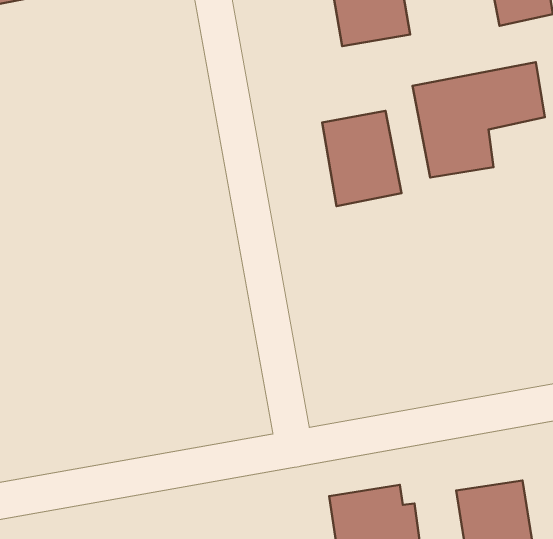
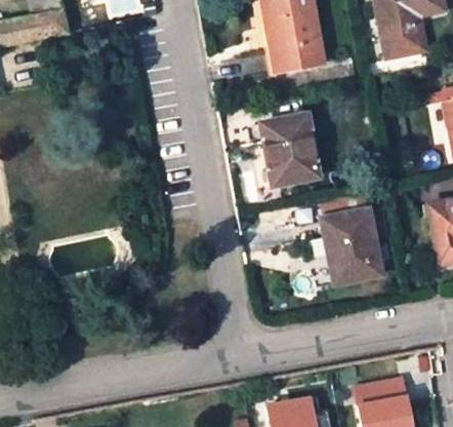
building: [413,62,545,177] -> none
building: none -> [321,207,378,284]

